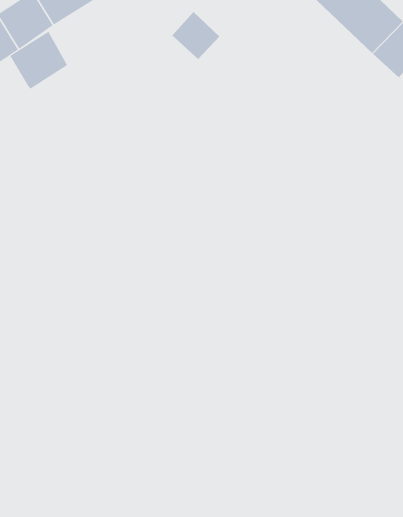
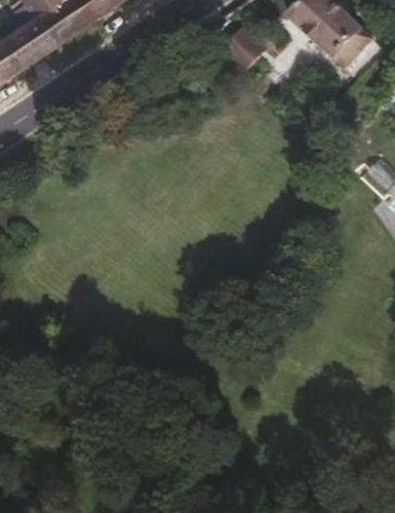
building: [172,11,220,60] -> [225,28,268,71]
building: [10,31,68,89] -> none

